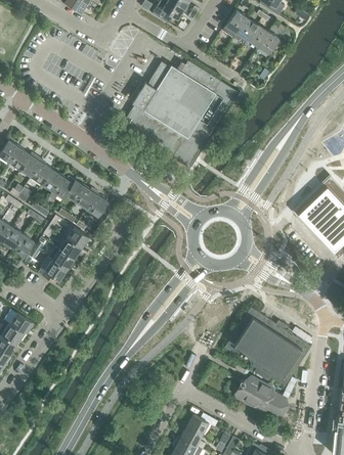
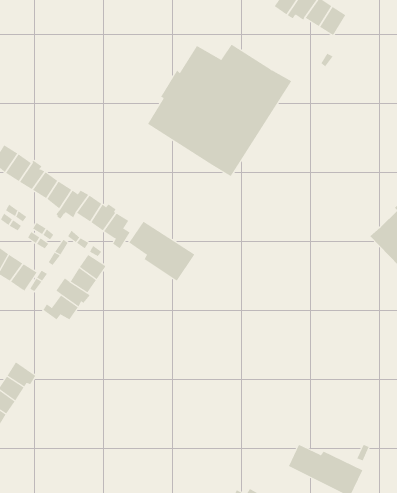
building: none -> [129,221,195,282]
building: [225,307,303,389] -> none

